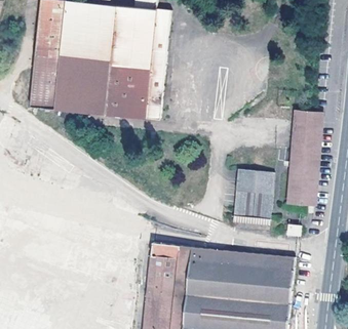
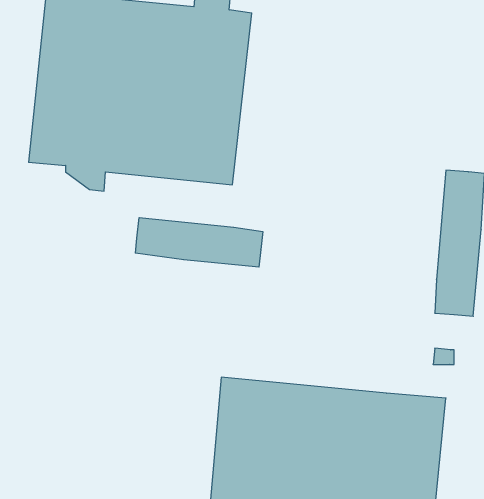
building: none -> [135,218,263,267]
building: [233,168,274,229] -> none

